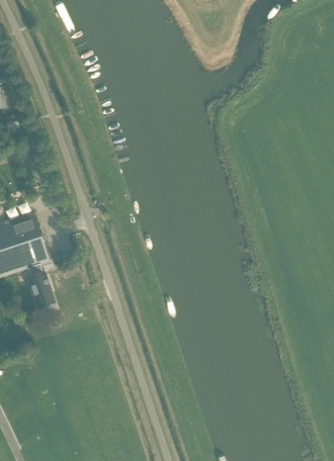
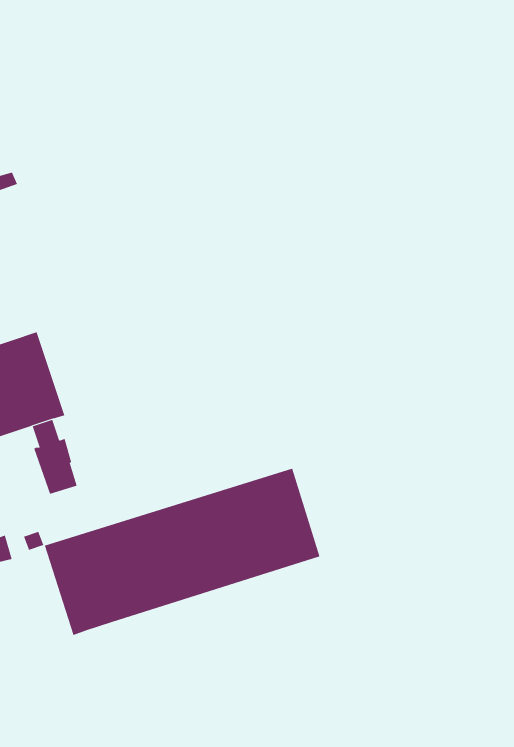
building: none -> [44,468,320,636]

